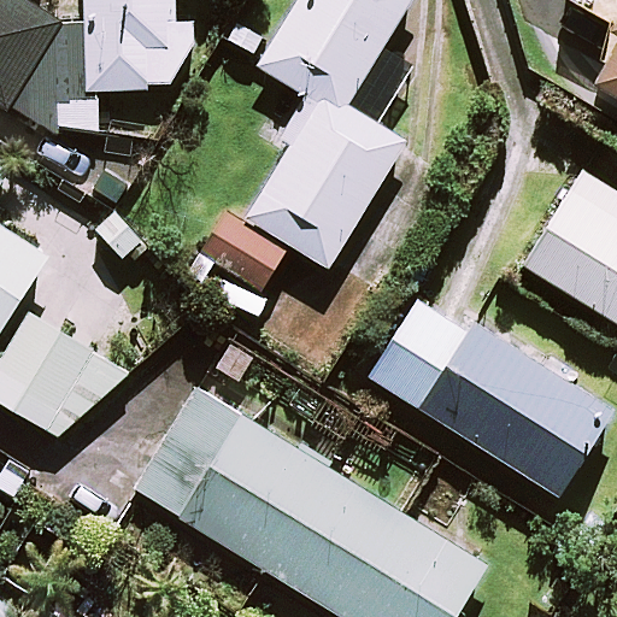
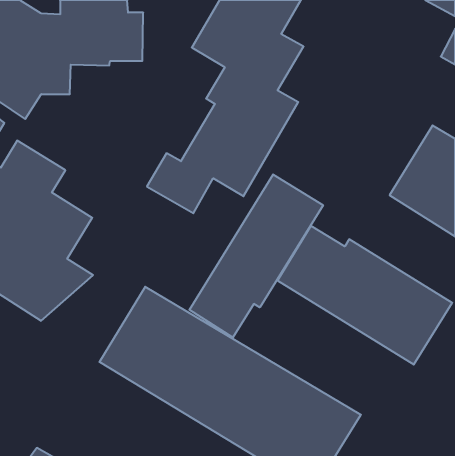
building: none -> [189,174,323,337]

